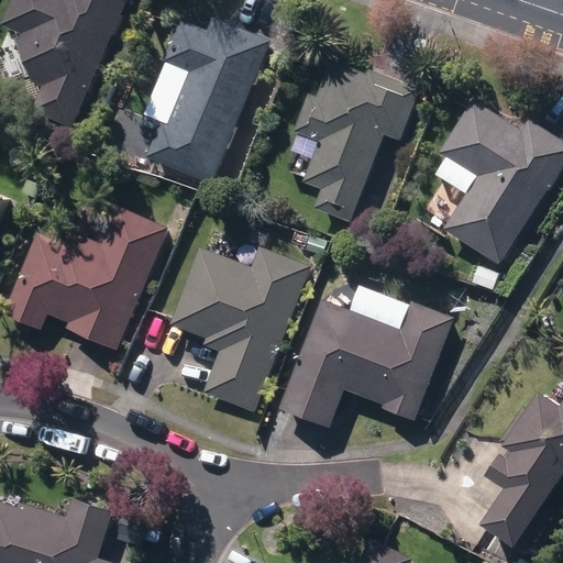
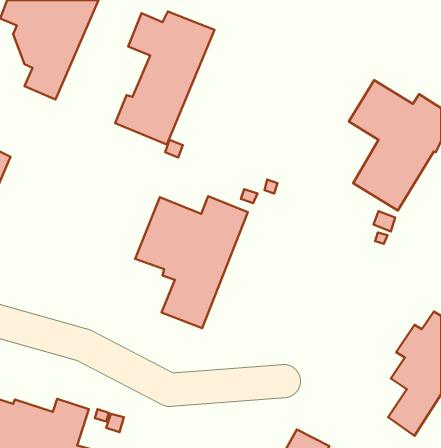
building: [291,63,417,223] -> none
building: [4,206,168,350] -> none
building: [279,300,454,427] -> none

